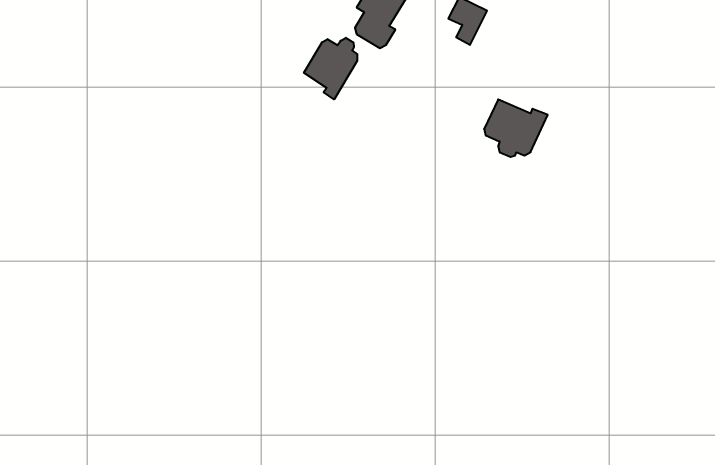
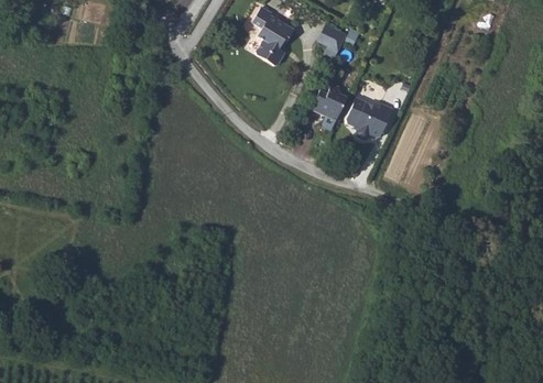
building: [304,38,357,99] -> none
building: none -> [311,85,344,135]

